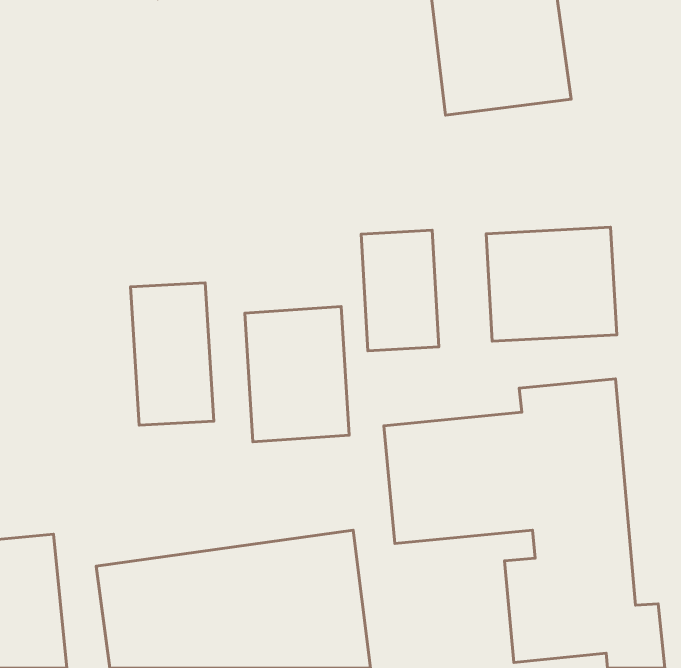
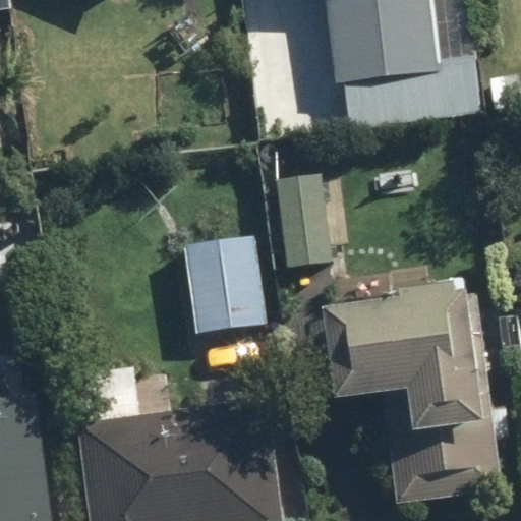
building: [486,227,617,341] -> none
building: [130,283,214,425] -> none

